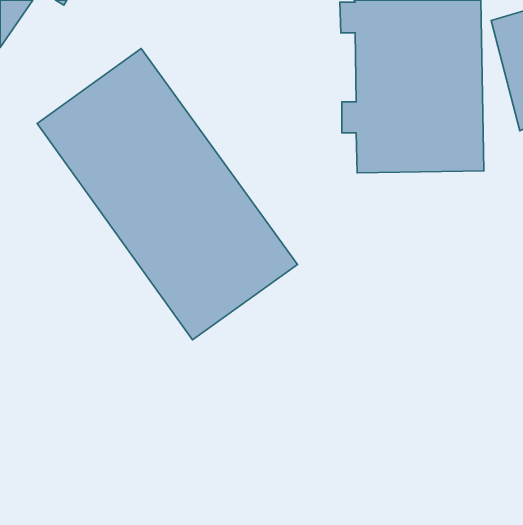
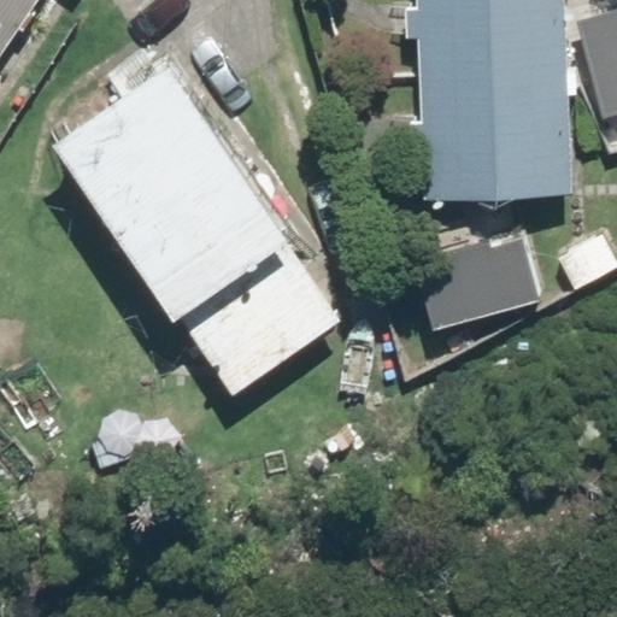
building: none -> [416,231,546,322]

